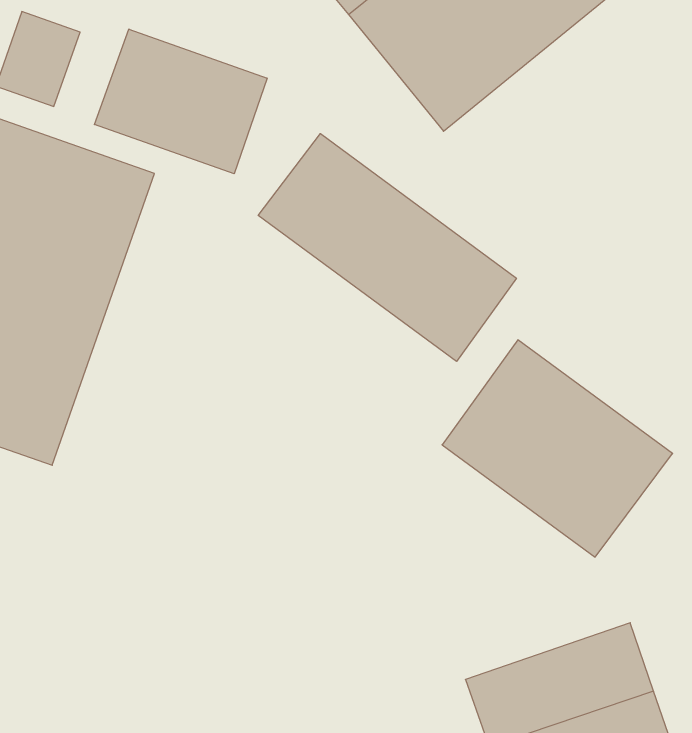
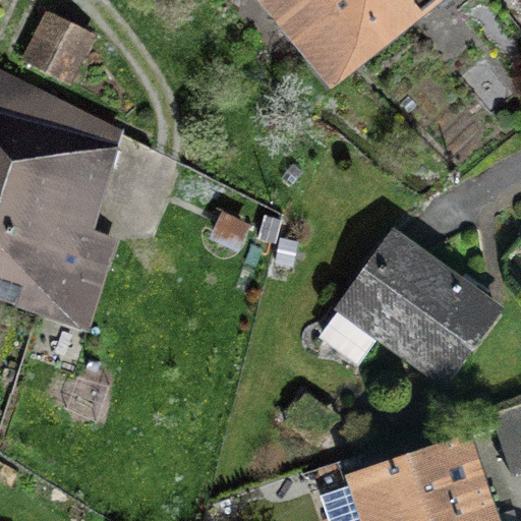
building: [94,29,267,174] -> none
building: [258,134,516,361] -> none

